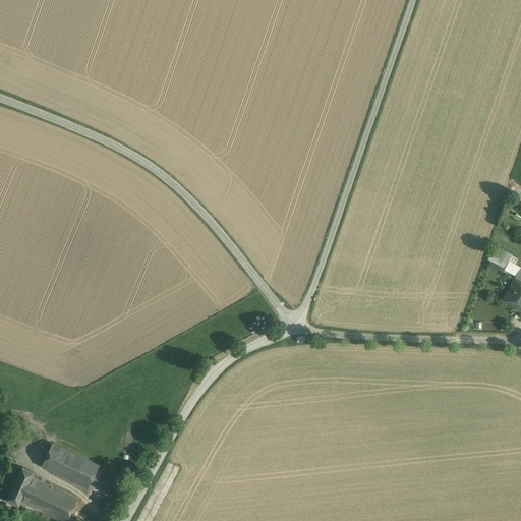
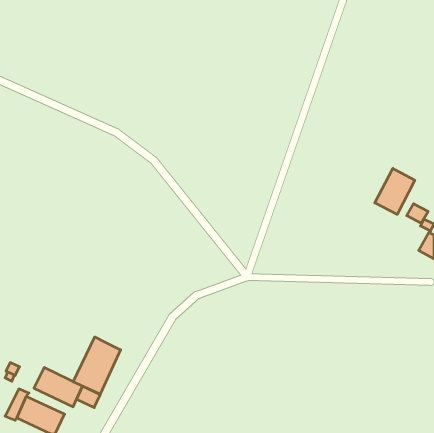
building: none -> [375,168,415,214]
building: none -> [73,337,121,394]

